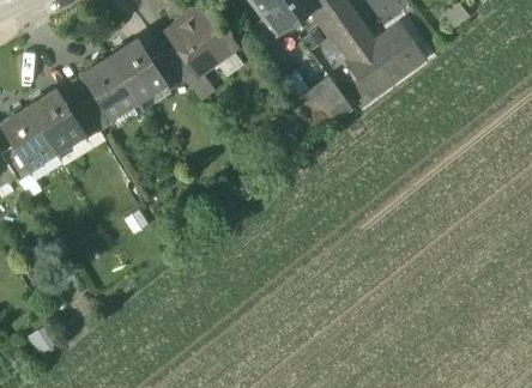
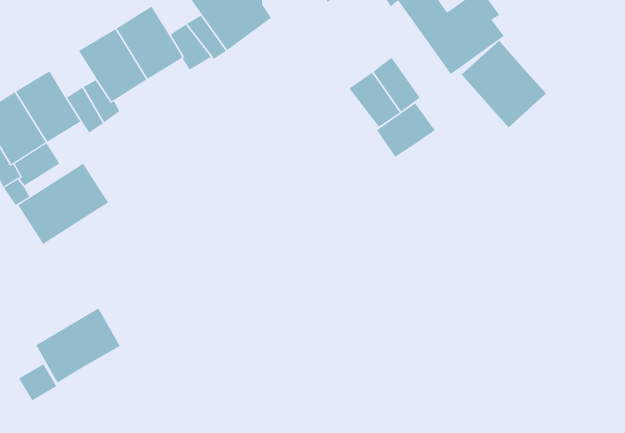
building: none -> [461,40,547,128]
building: none -> [376,103,435,158]
building: none -> [17,163,109,245]
building: none -> [35,308,121,383]

